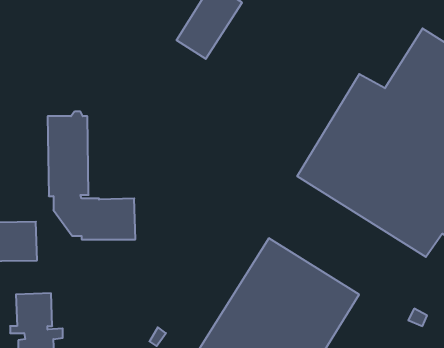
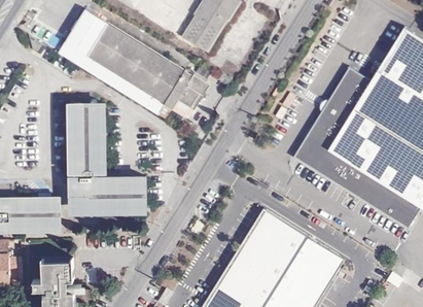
building: none -> [58,9,213,117]
building: none -> [70,173,99,211]

